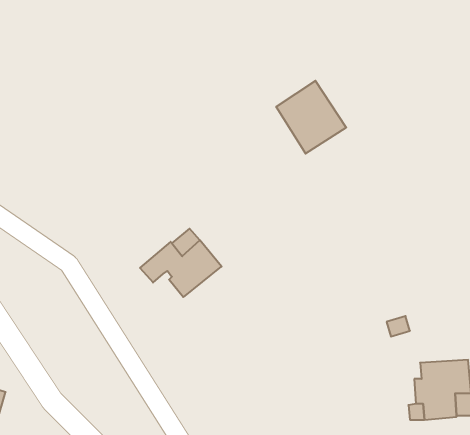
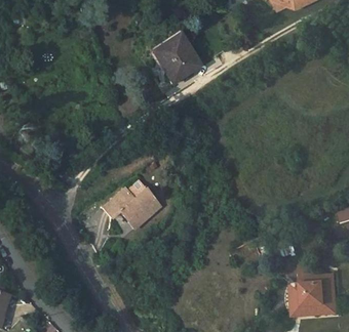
building: [276,81,346,154] -> [152,32,201,83]

